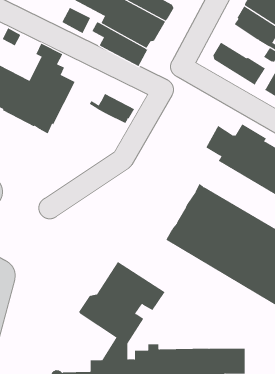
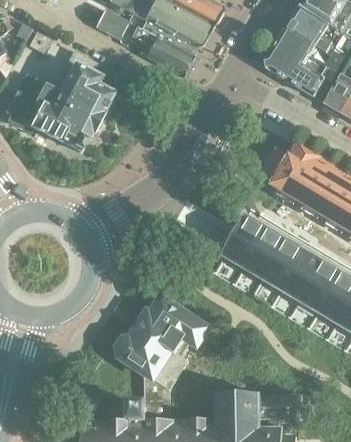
building: none -> [274,28,316,66]
building: [89,93,135,124] -> none

